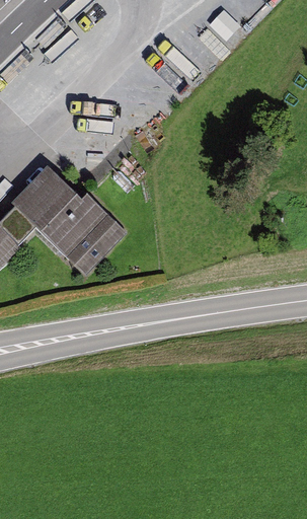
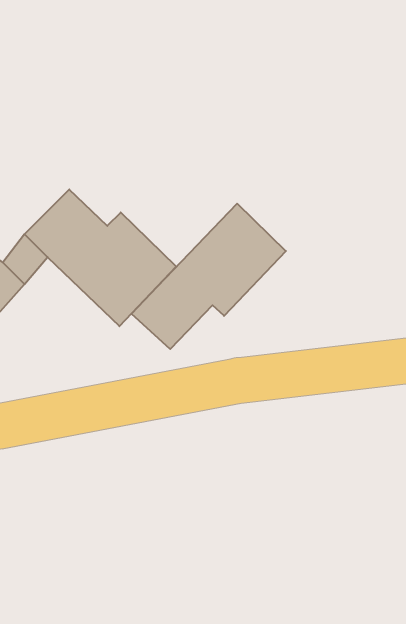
building: none -> [132,204,286,349]

